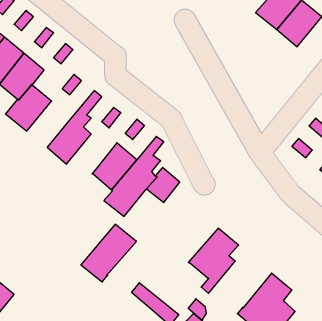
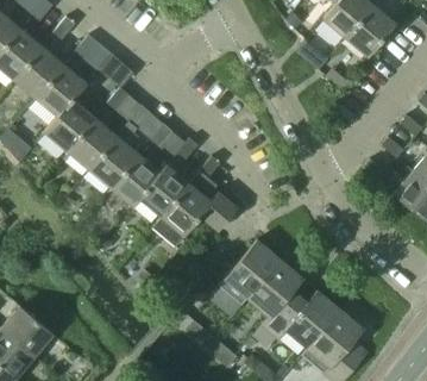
building: none -> [68,118,118,169]
building: none -> [112,155,168,207]
building: [81,224,136,282] -> [219,241,281,305]
building: none -> [270,291,340,349]

